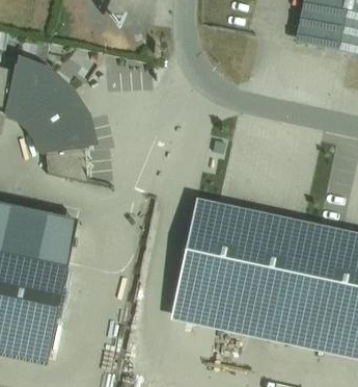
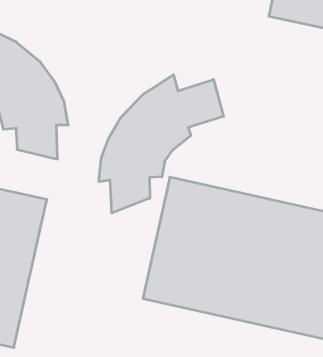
building: none -> [99,75,224,213]

